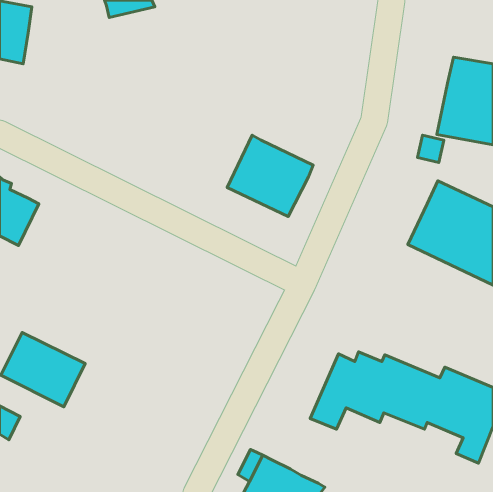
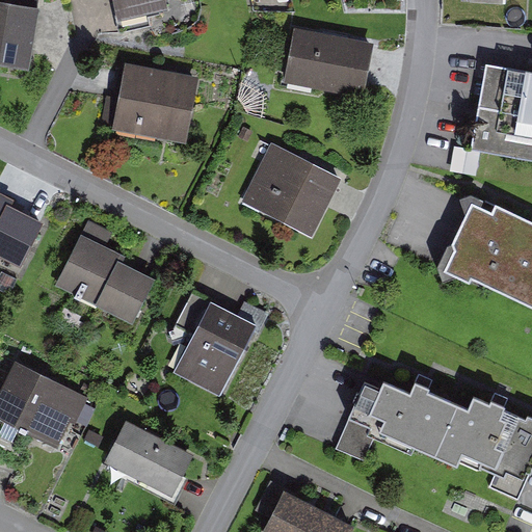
building: none -> [286,33,370,91]
building: none -> [113,62,194,140]
building: none -> [57,223,152,321]
building: none -> [174,295,268,395]
building: none -> [105,426,189,504]

